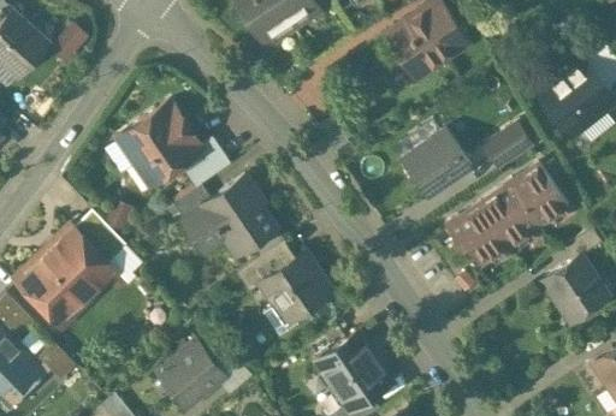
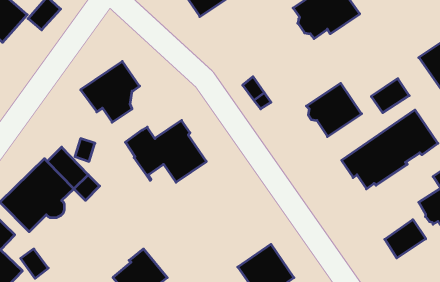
building: [183,138,230,190] -> none
building: [236,248,330,320] -> none
building: none -> [385,220,426,258]

